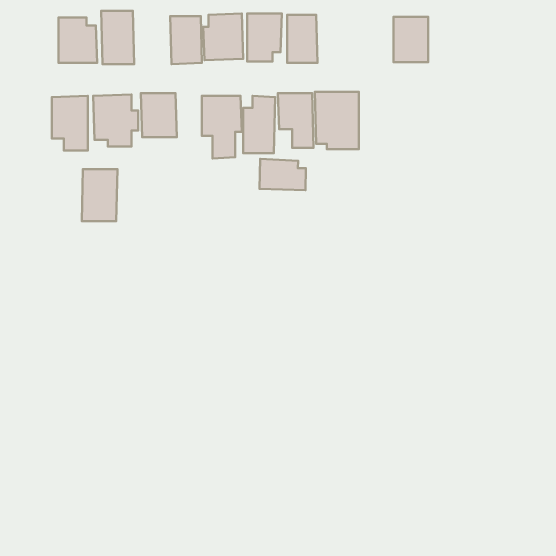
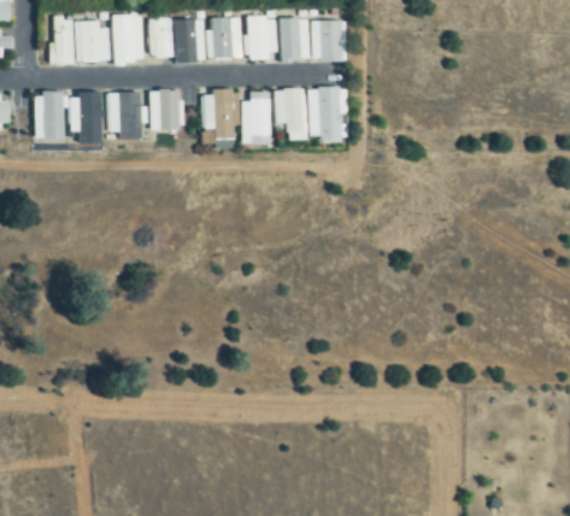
building: none -> [48,17,74,65]
building: none -> [149,18,174,58]
building: [394,17,428,62] -> [312,20,343,61]
building: [260,159,306,190] -> none
building: [82,169,118,221] -> [34,92,66,139]

